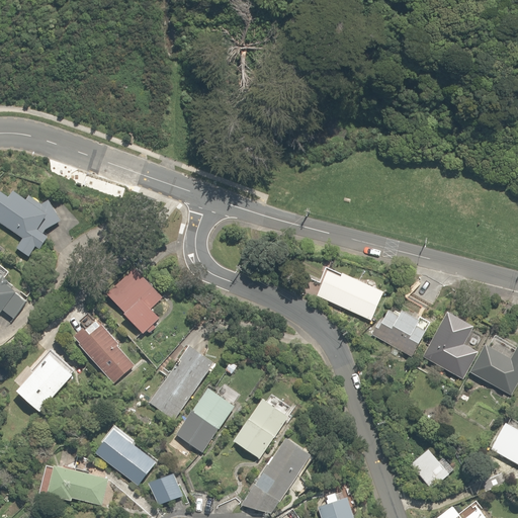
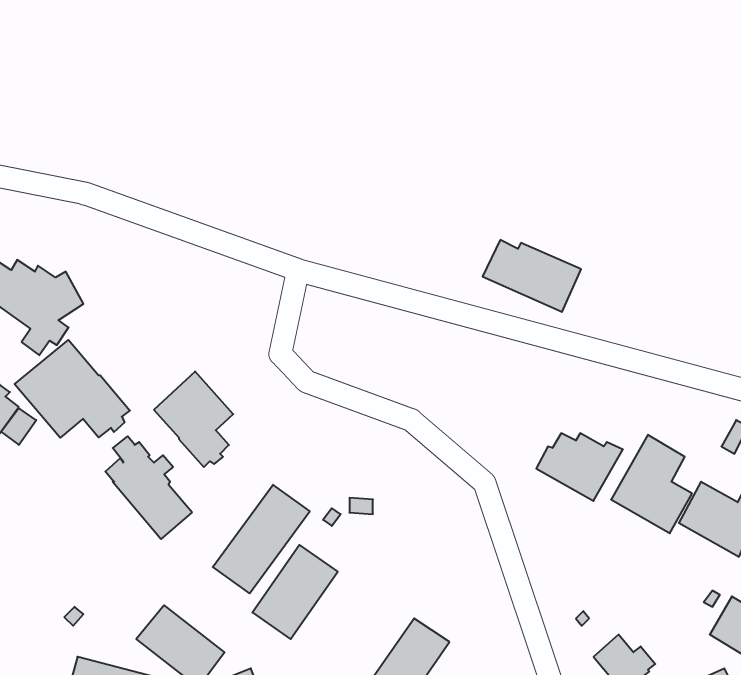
building: none -> [15,340,130,438]
building: [316,271,383,321] -> [483,240,581,312]
building: [18,355,74,412] -> none
building: [233,399,287,458] -> none

